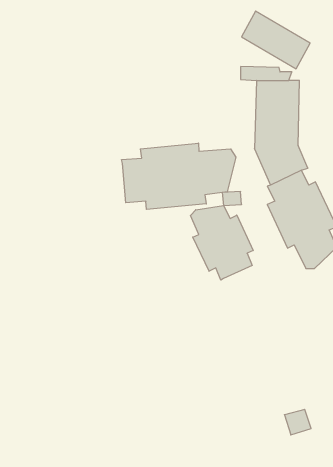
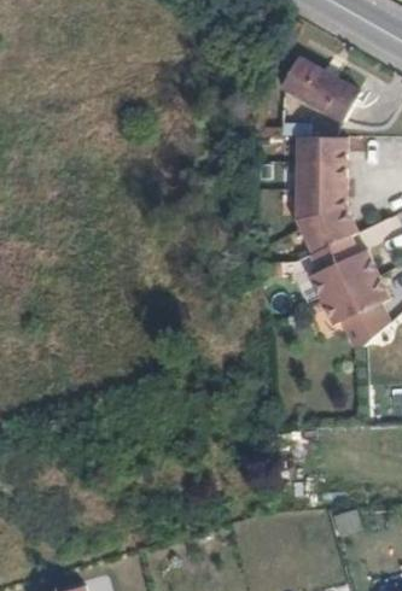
building: [122,143,236,209] -> none
building: [191,205,253,280] -> none

